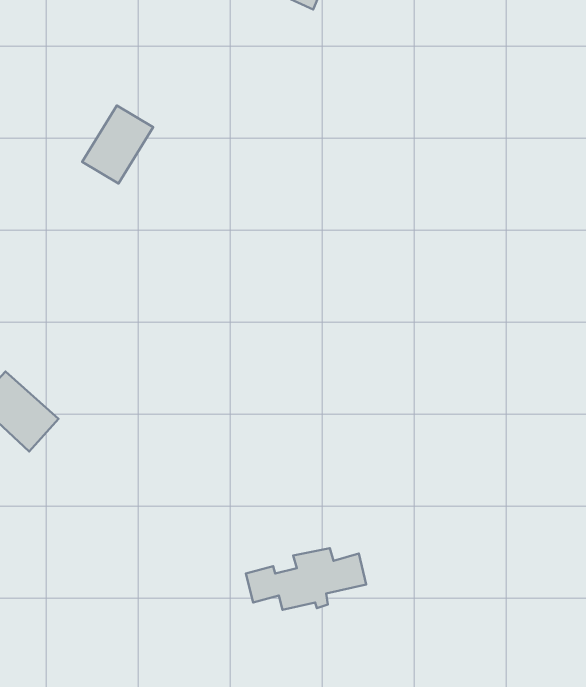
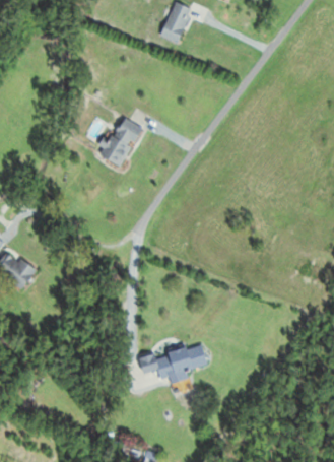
building: [82,105,153,184] -> [101,123,140,167]

